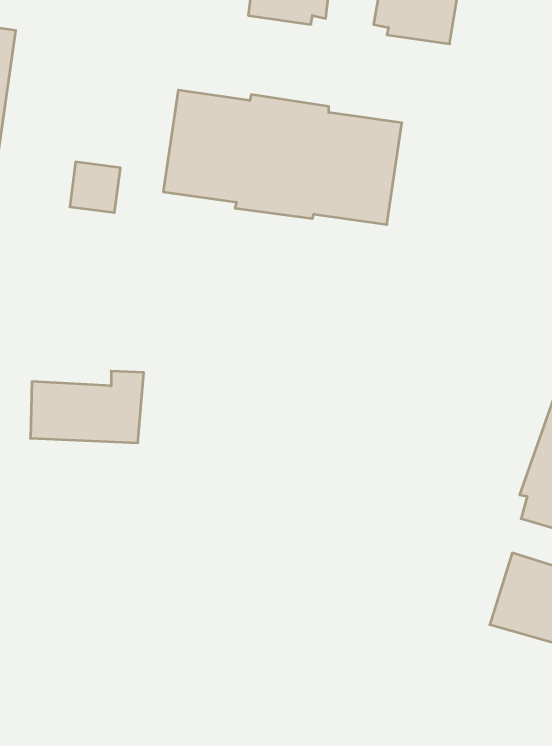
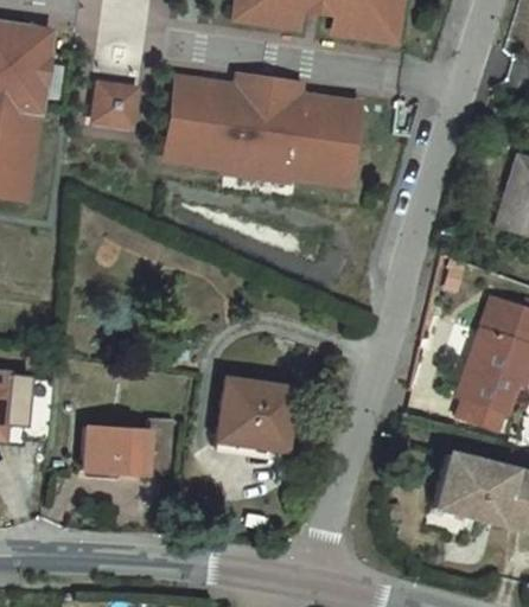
building: [70,162,120,213] -> [98,87,139,127]
building: [30,371,144,443] -> [87,411,177,468]
building: none -> [211,371,288,443]

